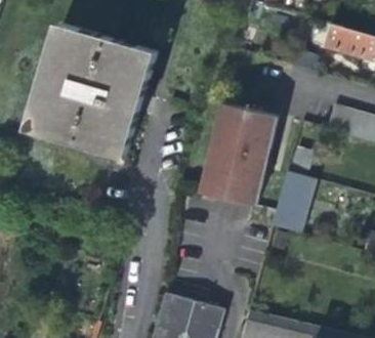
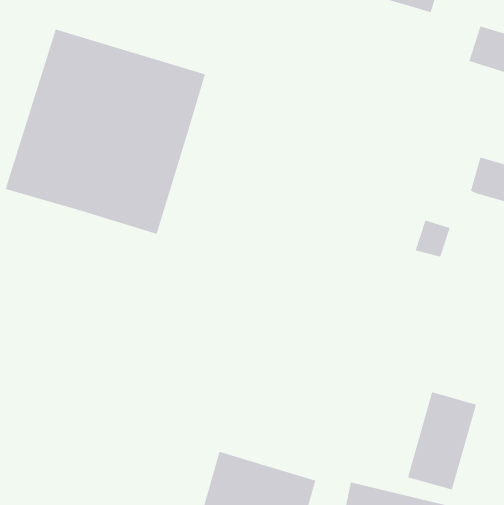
building: [201,99,280,204] -> none
building: [269,170,314,233] -> [407,392,477,490]

